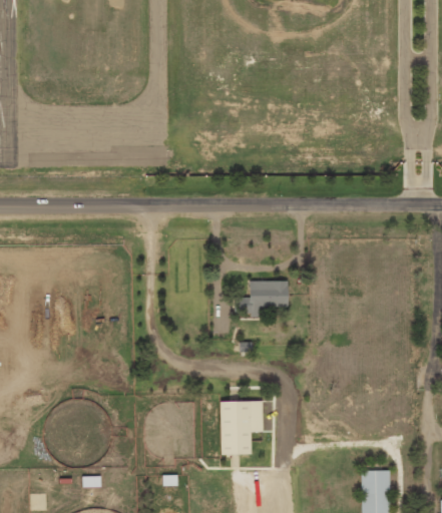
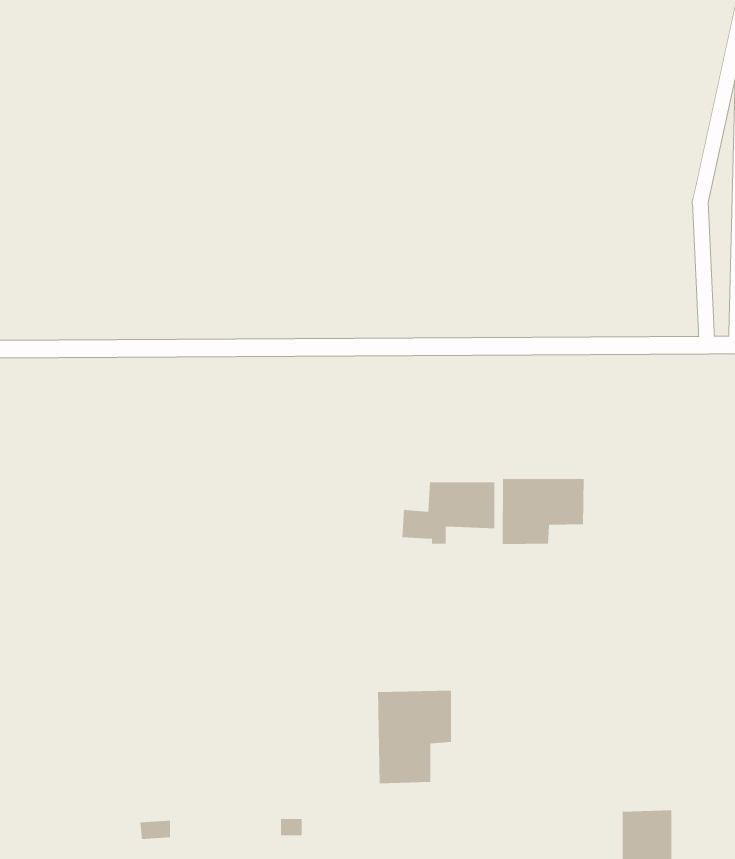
building: none -> [502,478,584,545]

